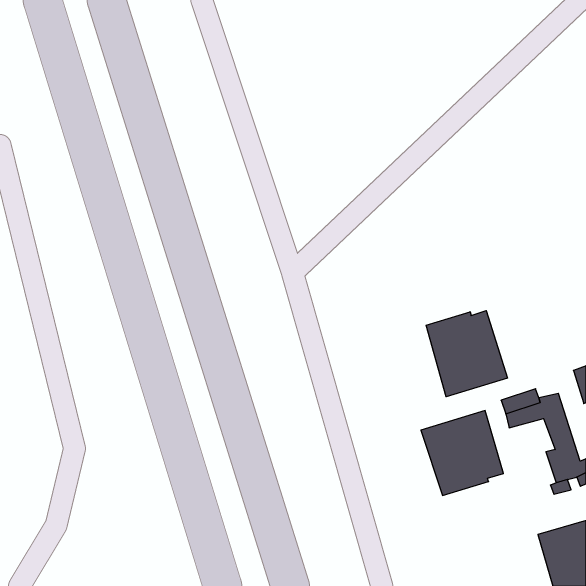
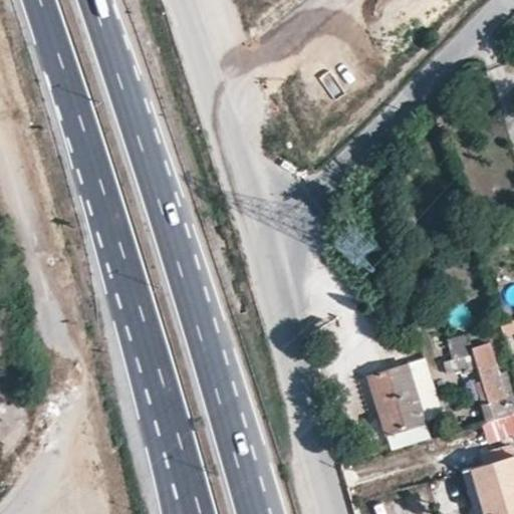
building: [426,311,508,397] -> none

